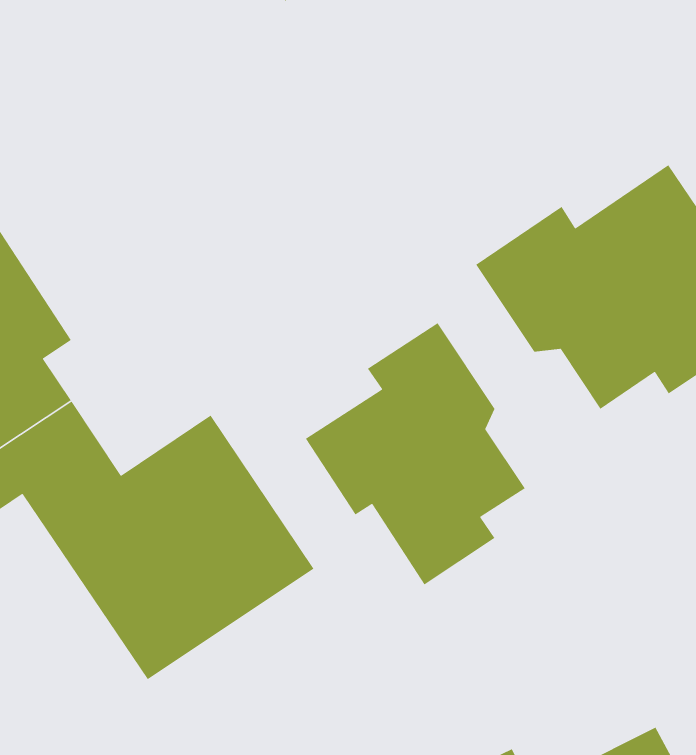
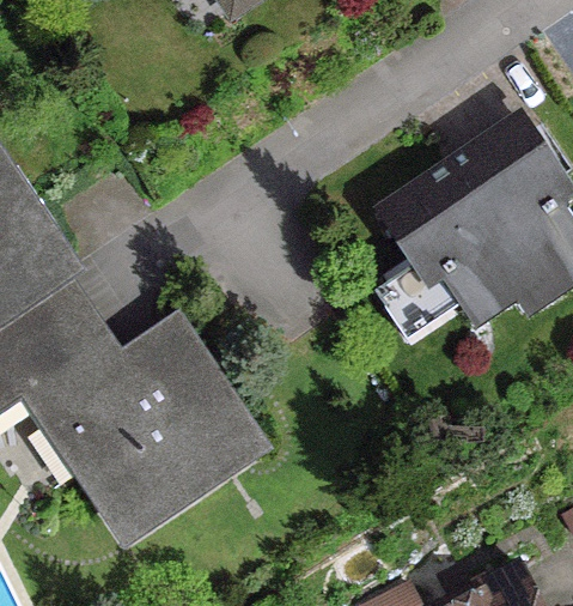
building: [305,322,526,586] -> none

